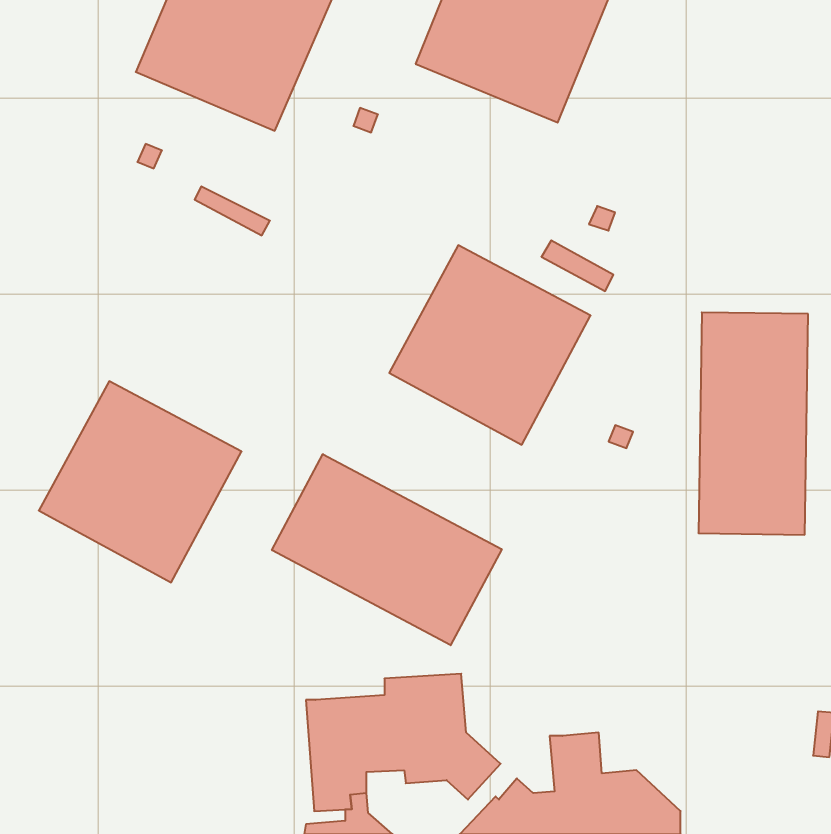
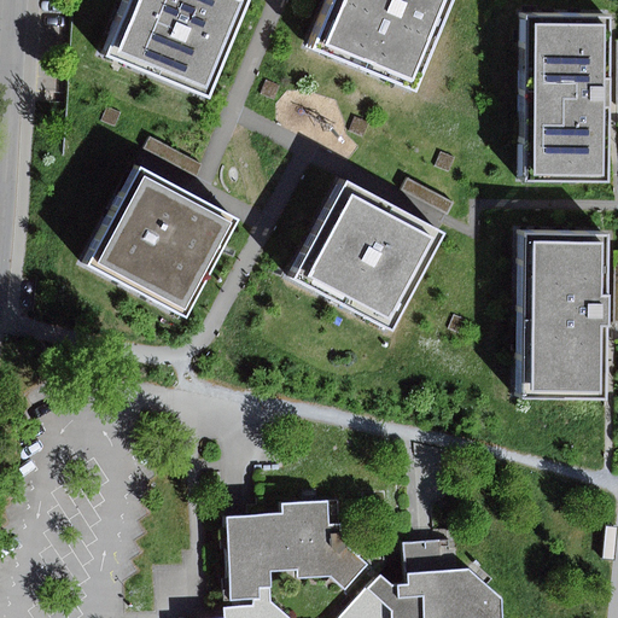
building: none -> [521,16,606,181]
building: [39,381,242,582] -> [84,168,234,316]
building: [272,454,502,645] -> none

